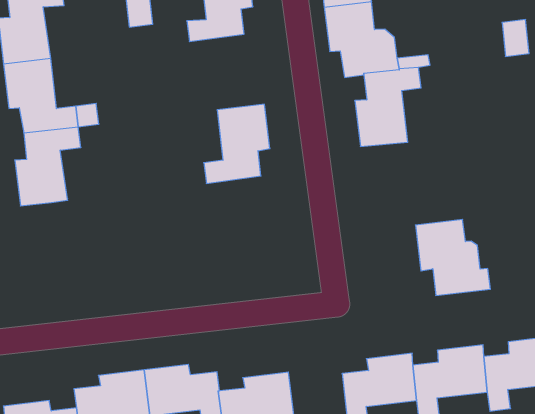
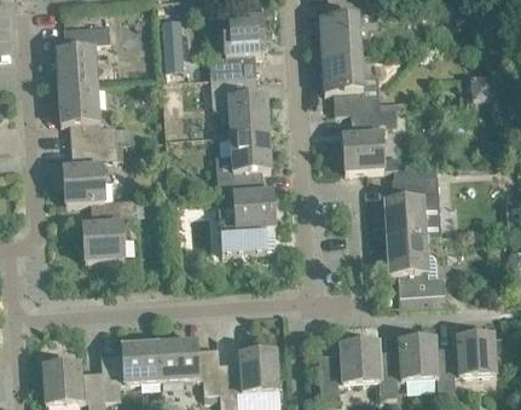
building: none -> [210,74,268,134]
building: none -> [384,175,440,237]
building: none -> [218,189,276,252]
building: none -> [82,198,137,261]

